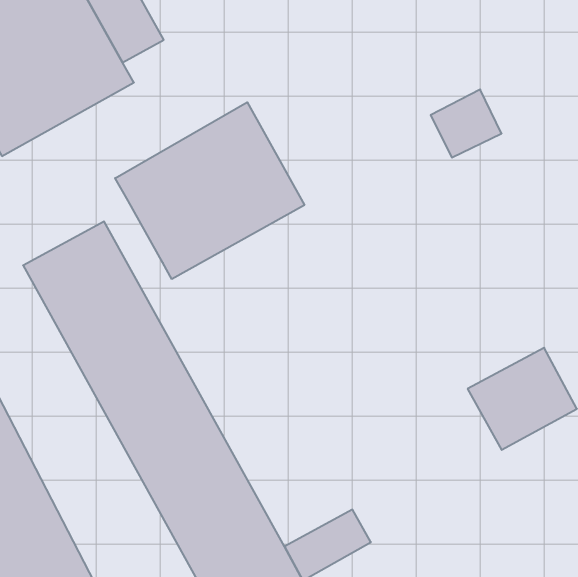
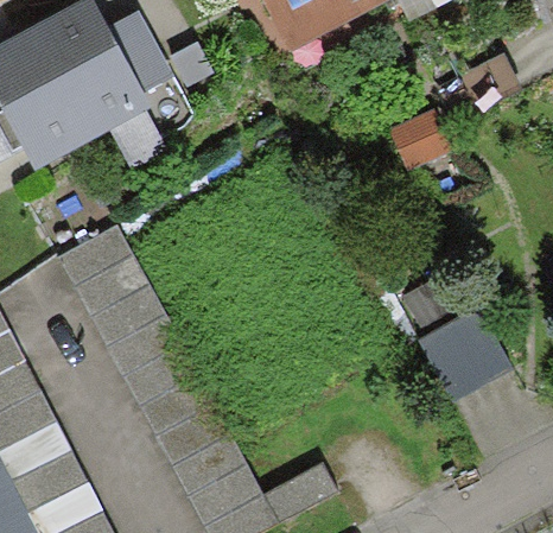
building: [115,102,304,279] -> none

